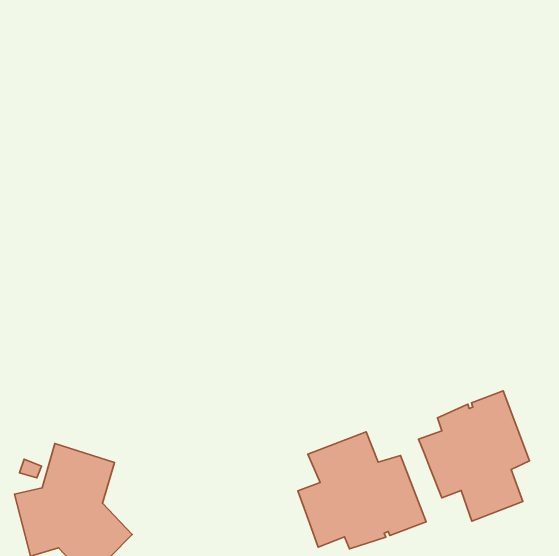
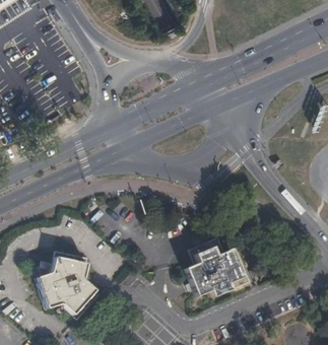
building: [419,391,529,521] -> none

